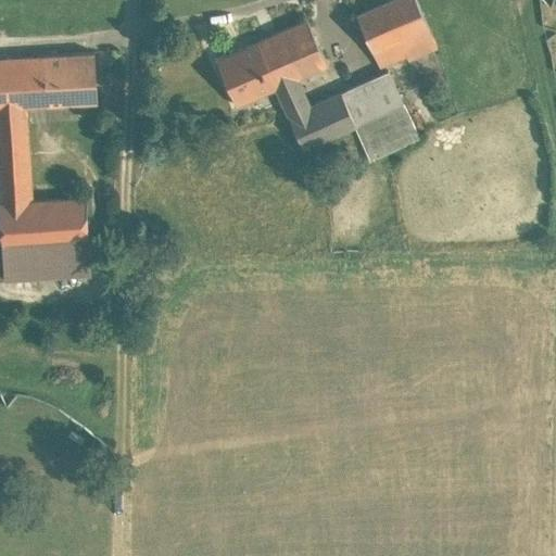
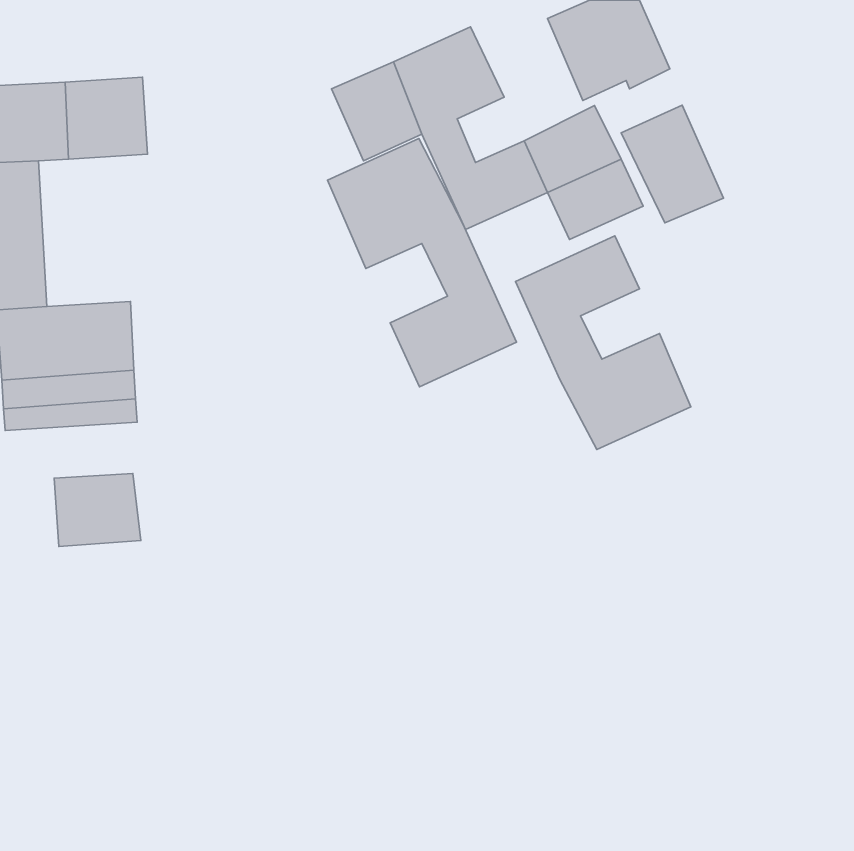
building: none -> [621,105,724,223]
building: none -> [327,138,517,387]
building: none -> [515,236,691,449]
building: none -> [54,473,141,547]

